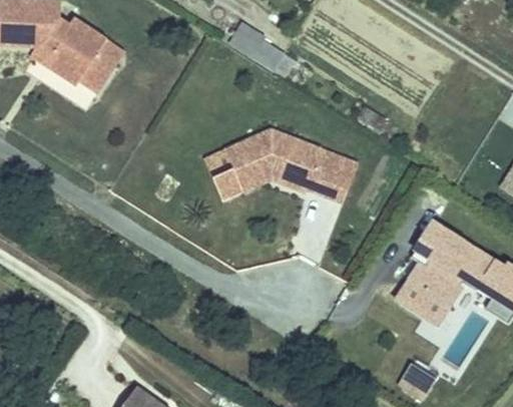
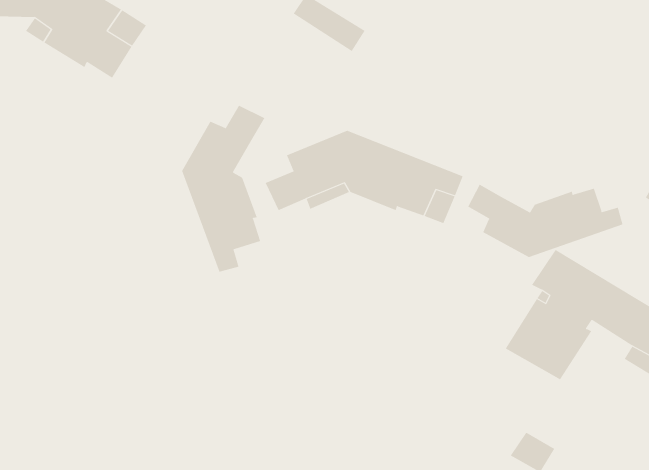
building: none -> [182,105,265,273]
building: none -> [467,184,623,258]

